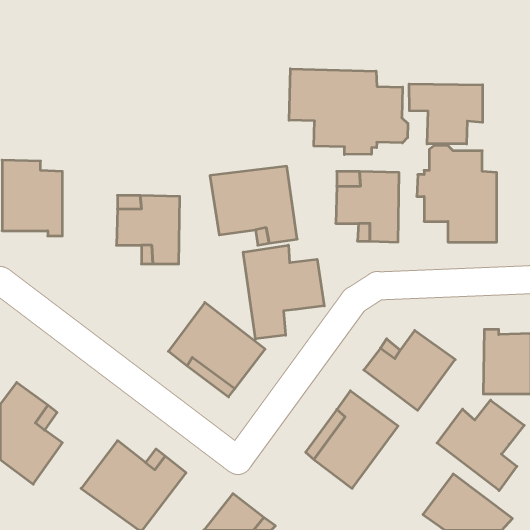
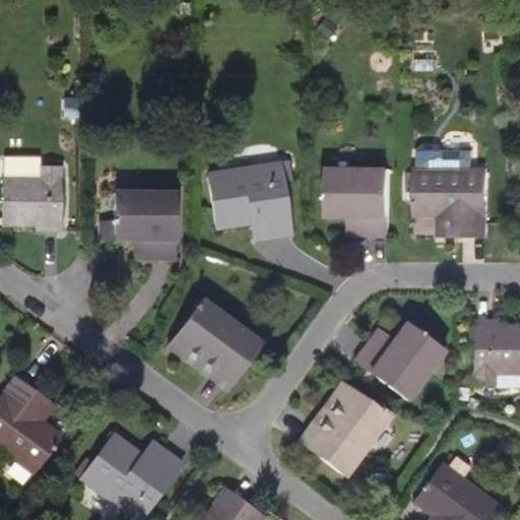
building: [289,69,408,155] -> none
building: [409,84,483,144] -> none
building: [243,245,324,339] -> none
building: [437,400,524,491] -> none

